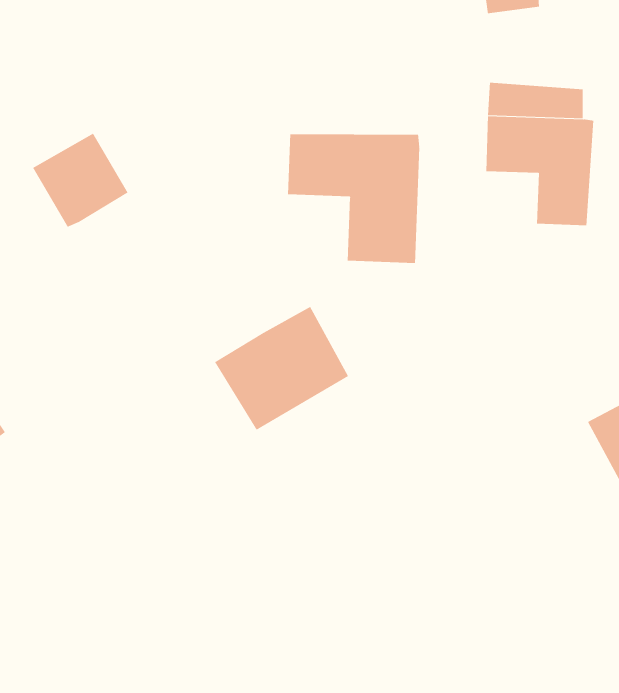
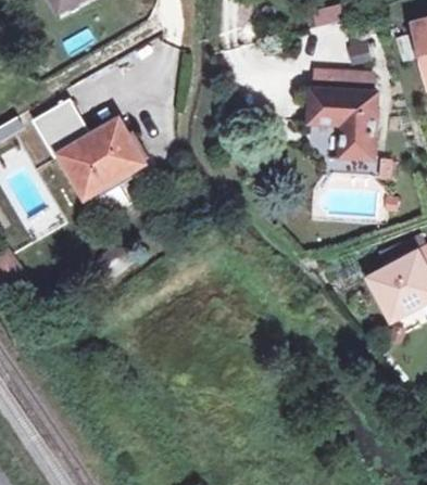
building: [288,133,420,264] -> none
building: [214,306,349,431] -> [58,119,141,196]

